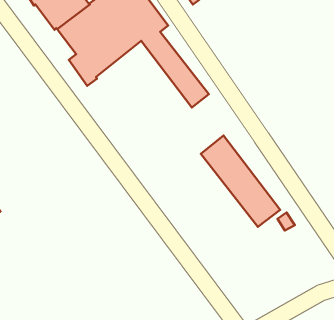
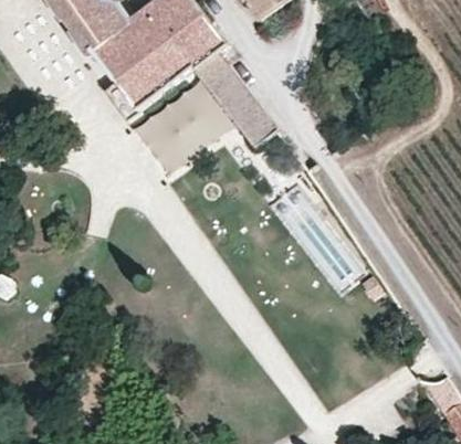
building: none -> [137,84,235,175]

